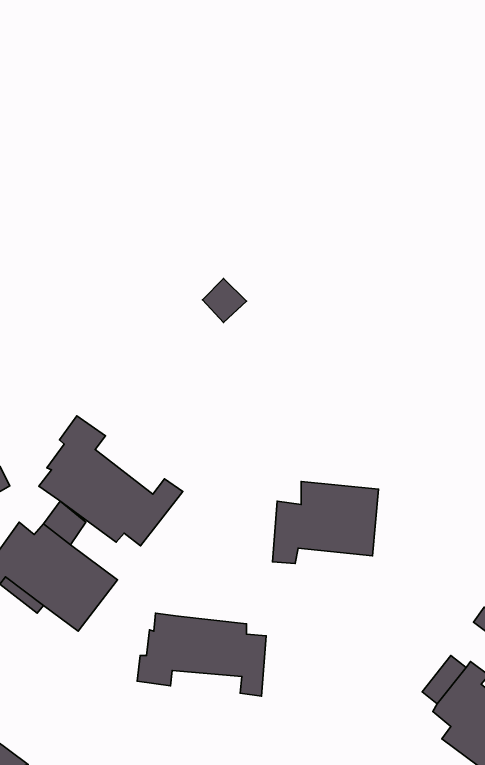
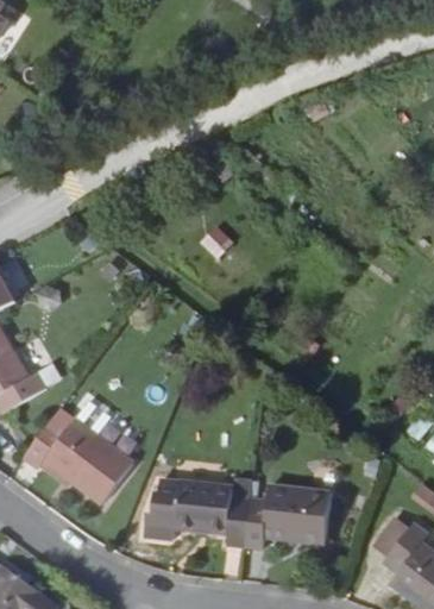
building: [39,416,183,546] -> none
building: [272,482,379,563] -> [245,488,328,552]

